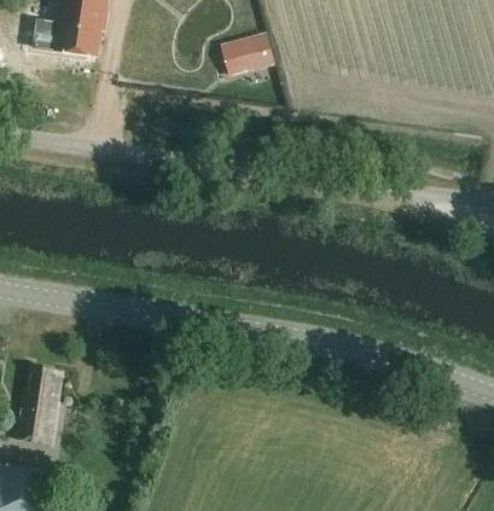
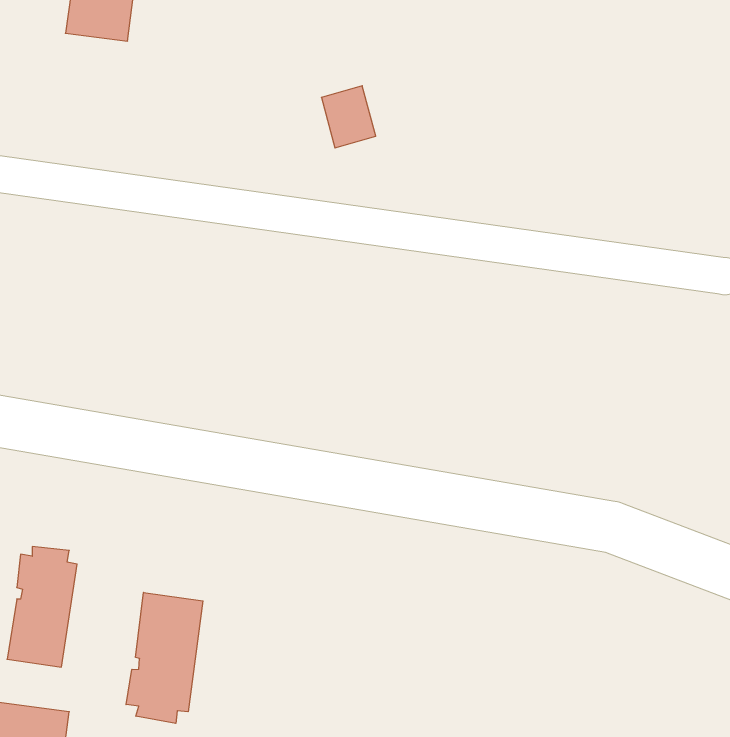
building: [233,35,267,74] -> [321,86,376,148]
building: none -> [126,592,203,723]

